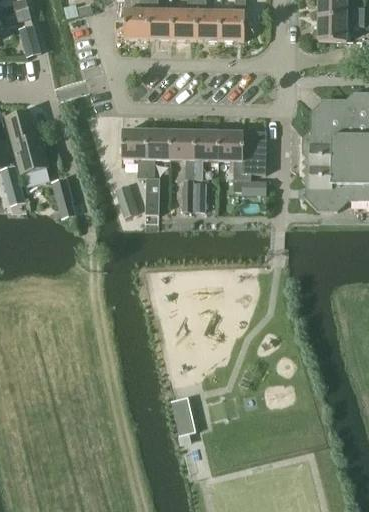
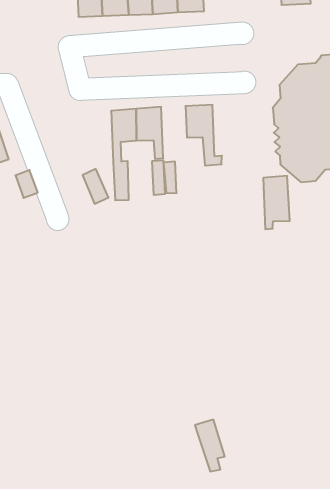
building: [121,126,148,177] -> none
building: [194,128,219,178] -> none
building: [243,130,268,179] -> [263,176,290,229]
building: [171,395,197,444] -> [195,420,225,471]

